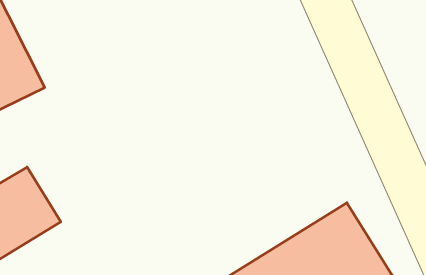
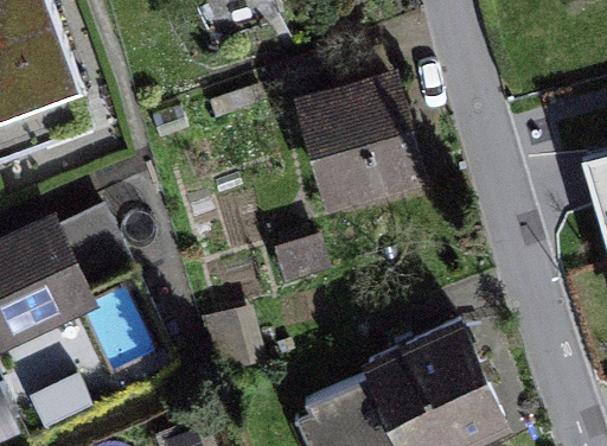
building: none -> [309,69,424,212]

